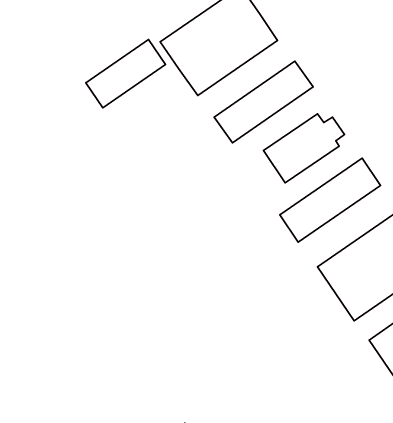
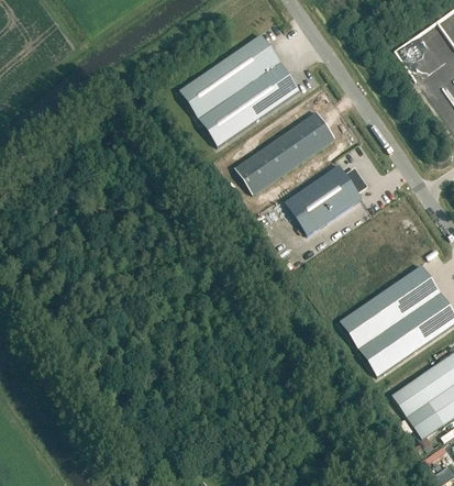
building: [86,40,165,108] -> none
building: [280,158,381,242] -> none

